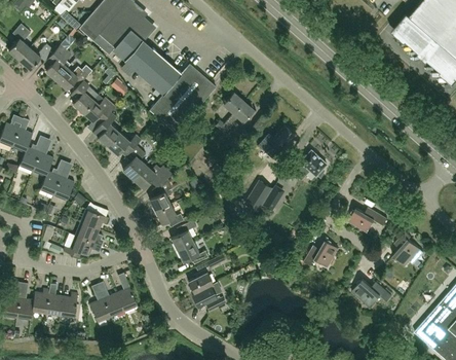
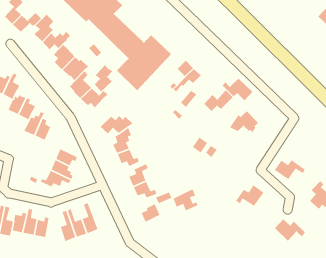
building: none -> [222,78,253,101]
building: [123,145,146,180] -> [94,64,113,93]
building: [192,282,225,311] -> [172,188,199,212]

